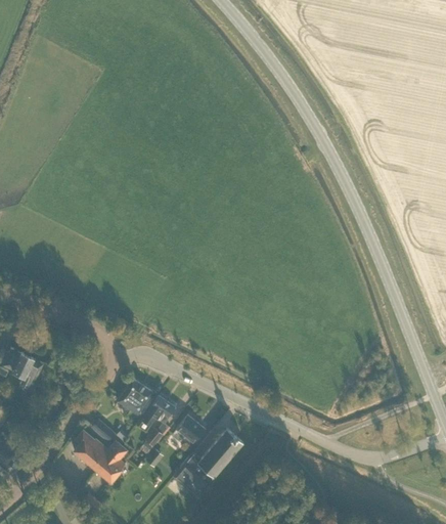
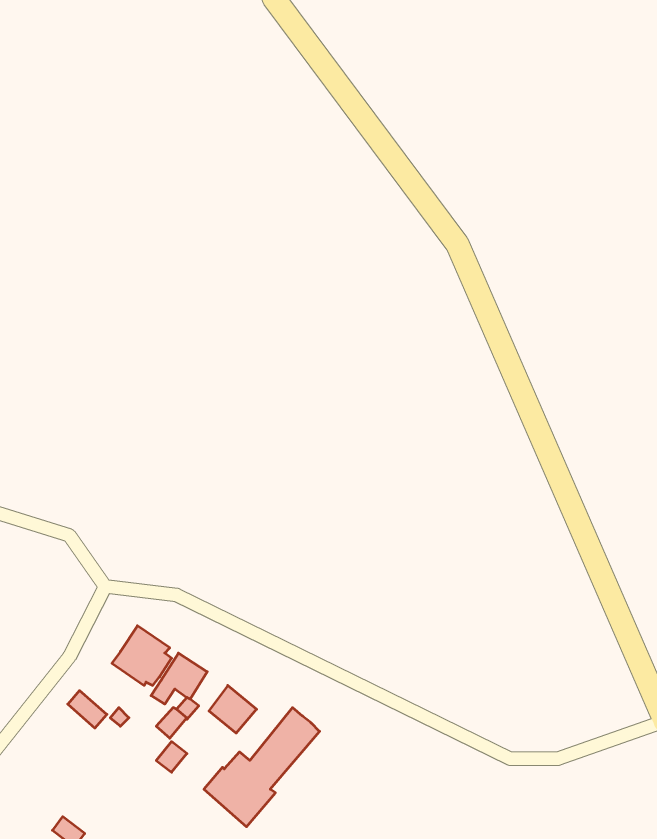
building: [72,430,124,482] -> none

